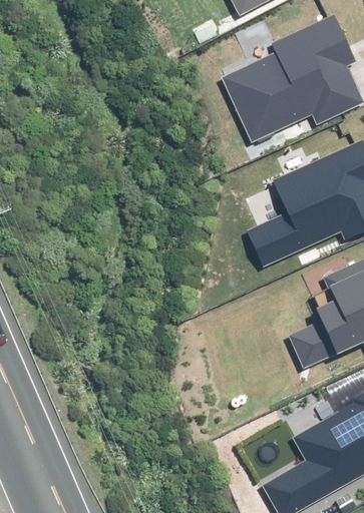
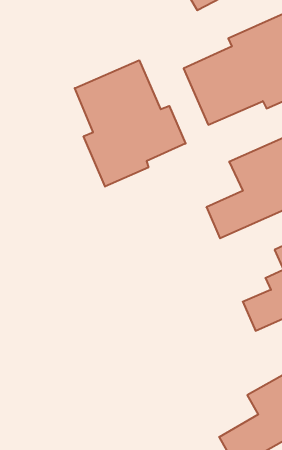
building: none -> [75,60,186,187]

